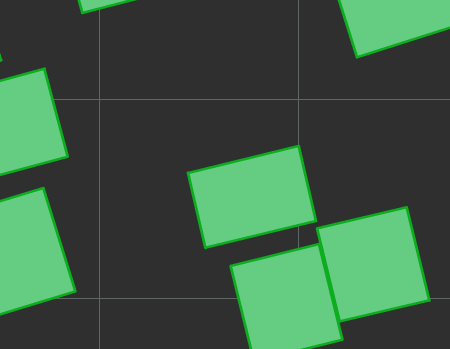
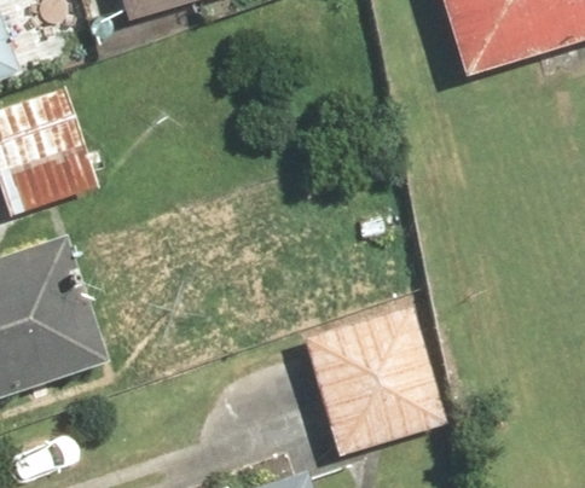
building: [188,146,316,248] -> none
building: [317,207,429,322] -> none

